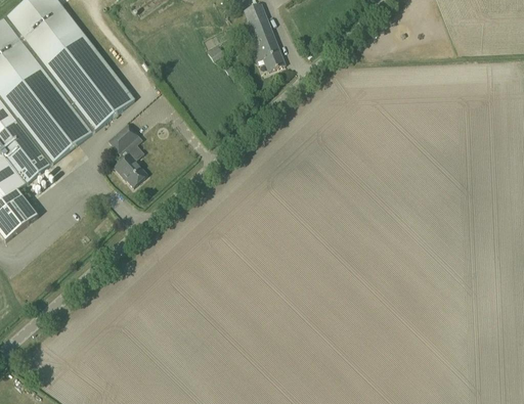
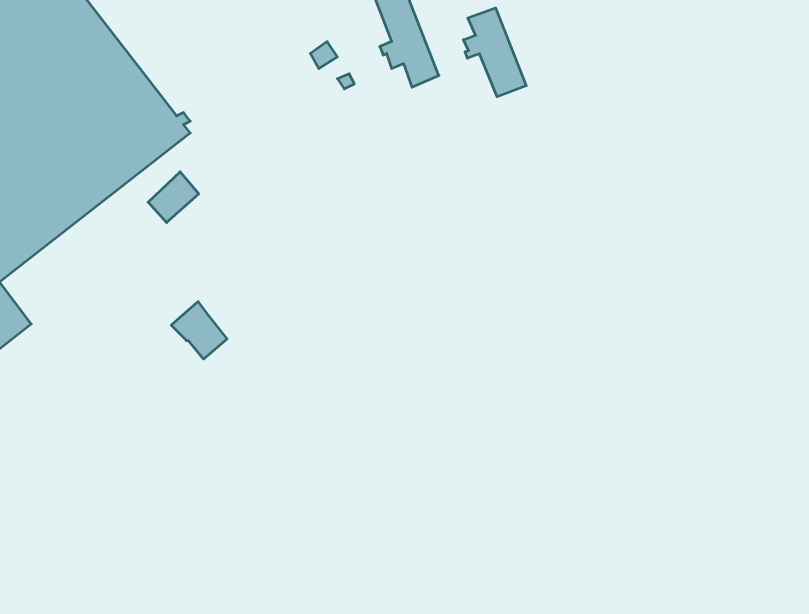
building: none -> [463,8,526,97]
building: [113,150,146,185] -> [171,302,227,359]

